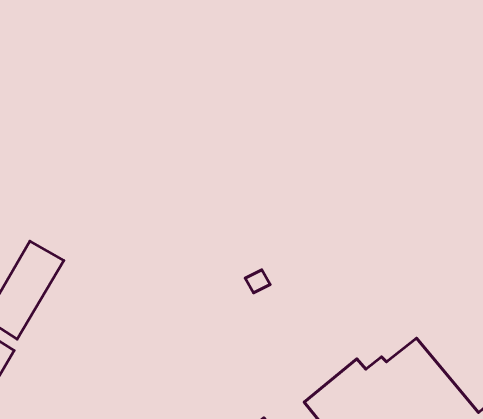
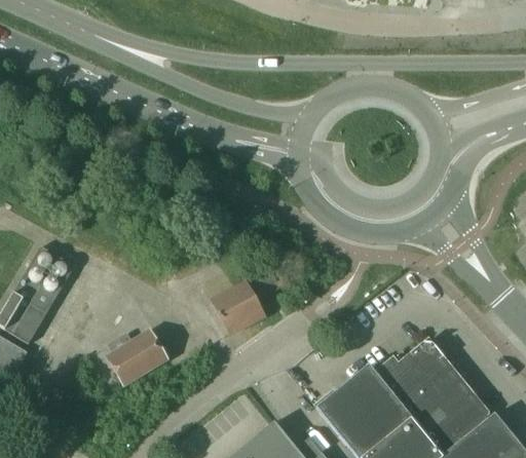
building: none -> [212,282,268,337]
building: none -> [106,334,164,386]

